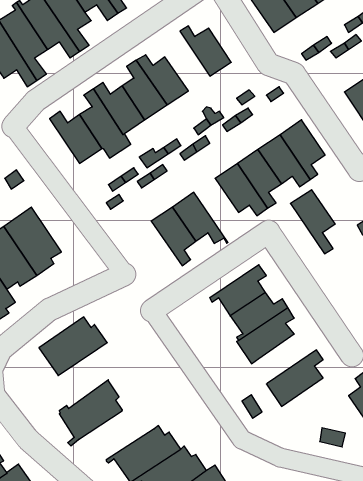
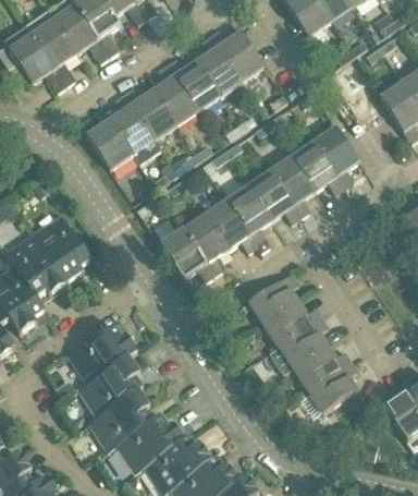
building: none -> [197,34,243,95]
building: [290,190,335,254] -> [226,184,272,250]
building: none -> [160,228,214,280]
building: none -> [293,343,352,394]
building: none -> [79,359,144,420]
building: none -> [109,415,186,474]

